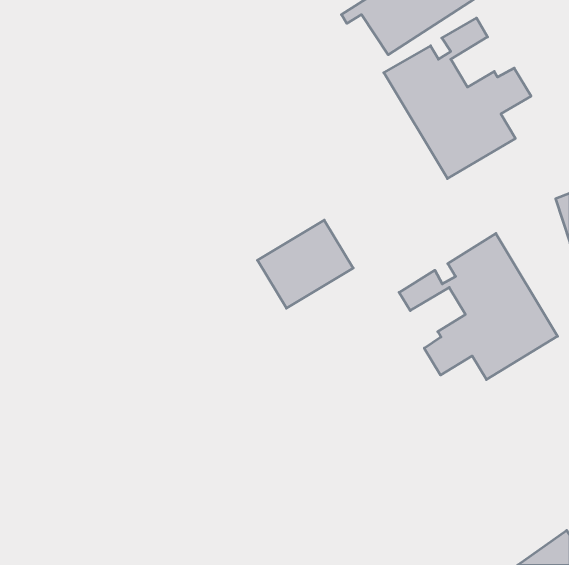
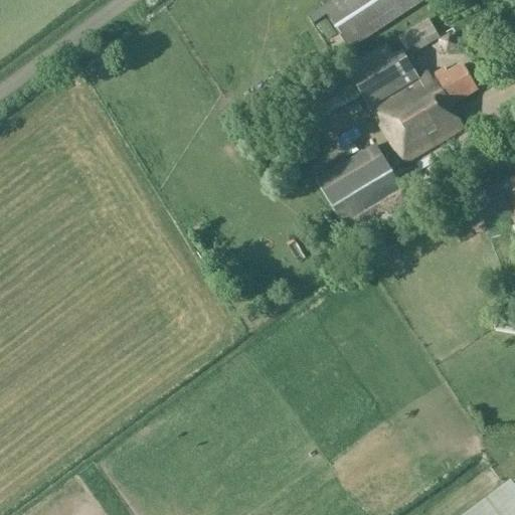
building: [257,220,353,308] -> [318,143,404,222]
building: [399,233,558,380] -> none

